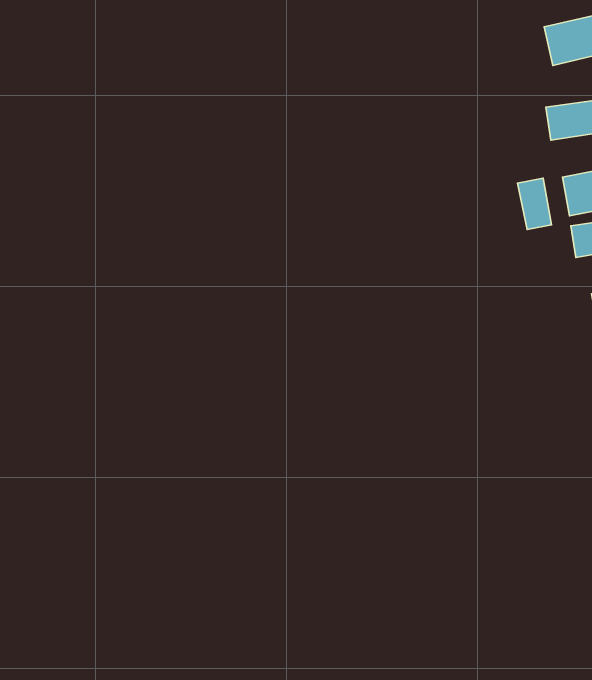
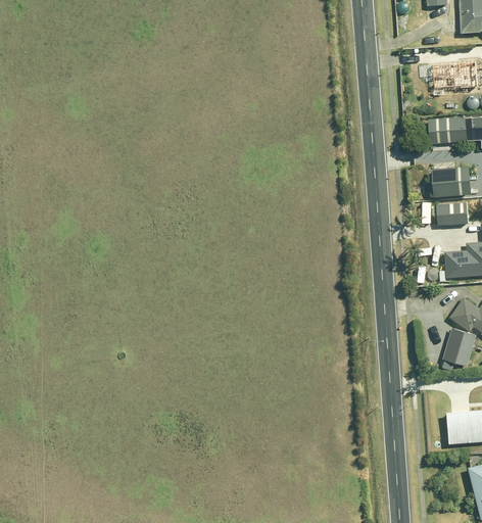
building: [518,178,552,230] -> none

